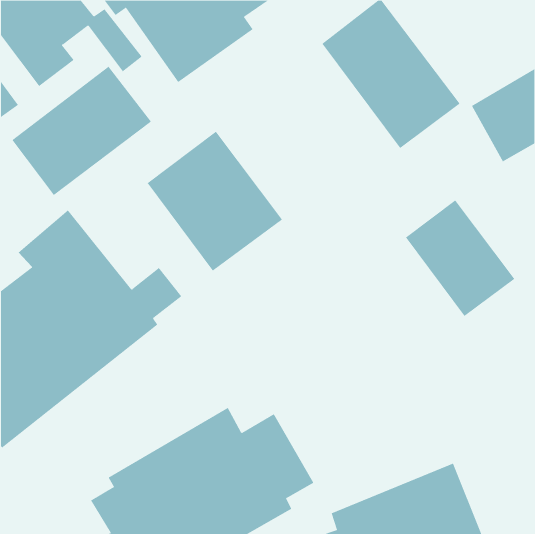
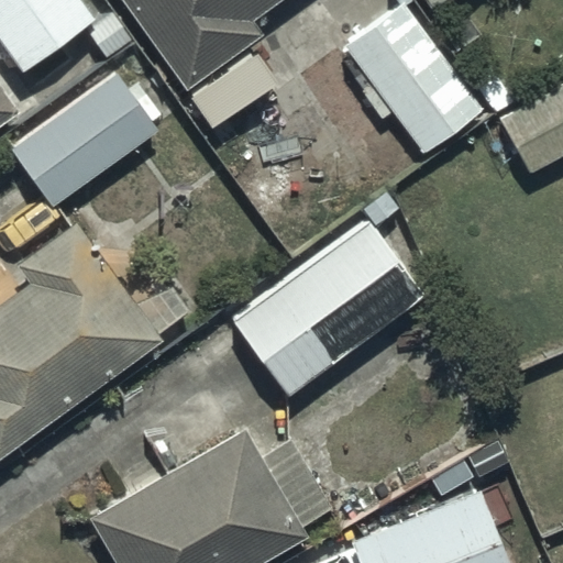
building: [147,131,283,272] -> none
building: none -> [229,189,420,394]
building: [405,200,515,317] -> none

